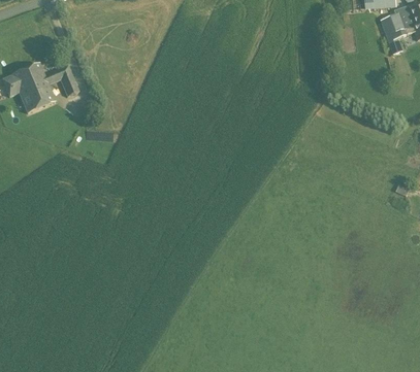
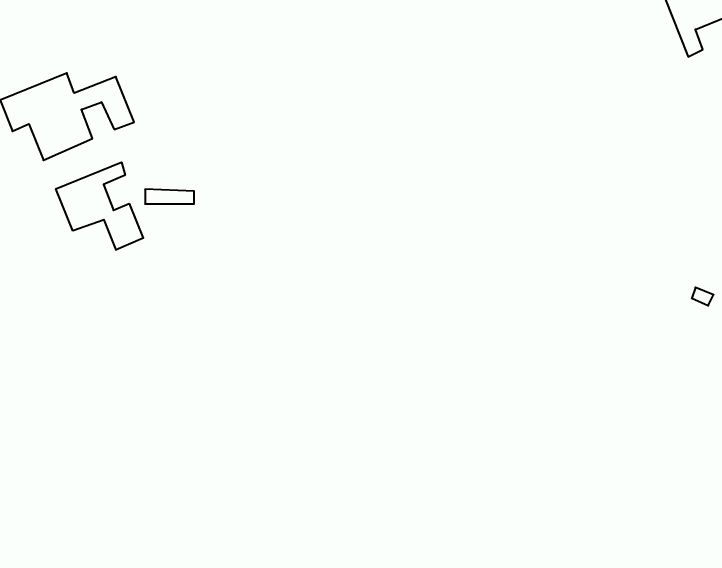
building: none -> [56,162,143,250]

